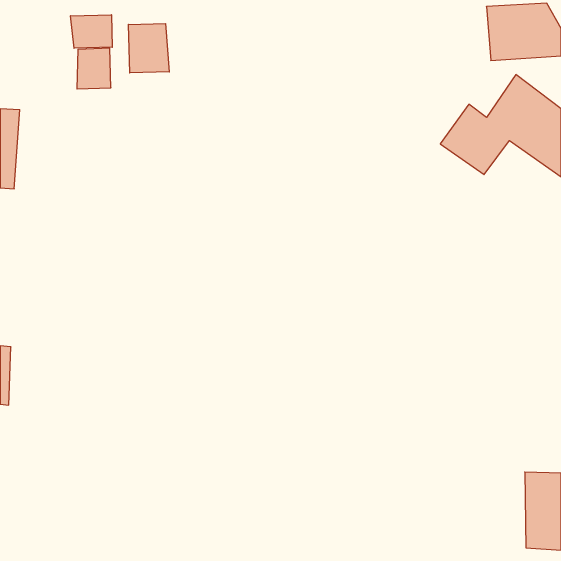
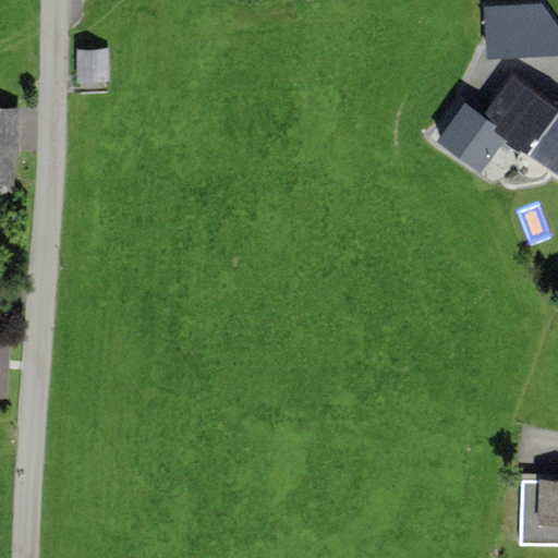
building: [71,15,112,48] -> none
building: [128,24,169,73] -> none

